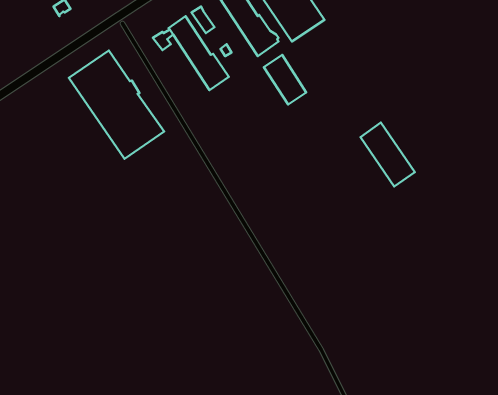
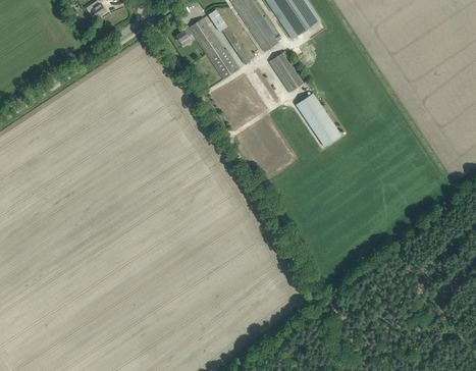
building: [69,50,164,159] -> none
building: [360,123,415,187] -> [295,93,340,147]

